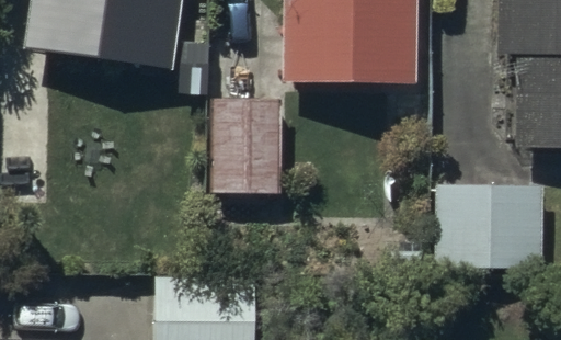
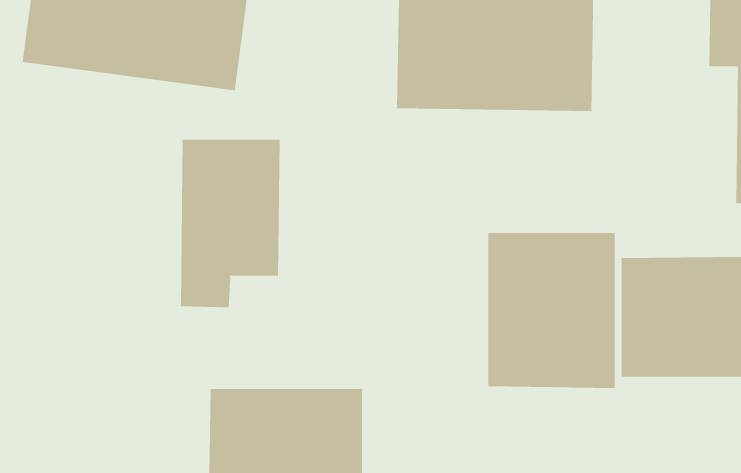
building: [213,100,282,216] -> [180,139,280,308]
building: none -> [488,232,615,389]

